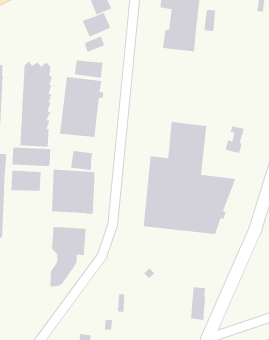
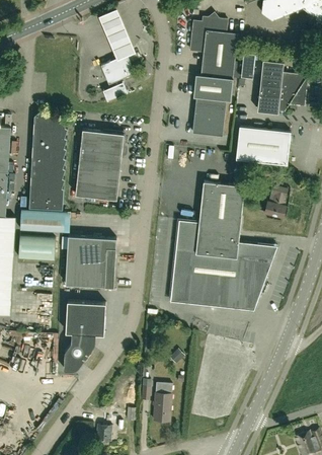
building: none -> [257,61,307,113]
building: none -> [191,103,225,137]
building: [74,59,103,79] -> none
building: none -> [235,127,290,165]
building: [71,150,93,171] -> none
building: [190,287,206,320] -> [153,384,171,423]

